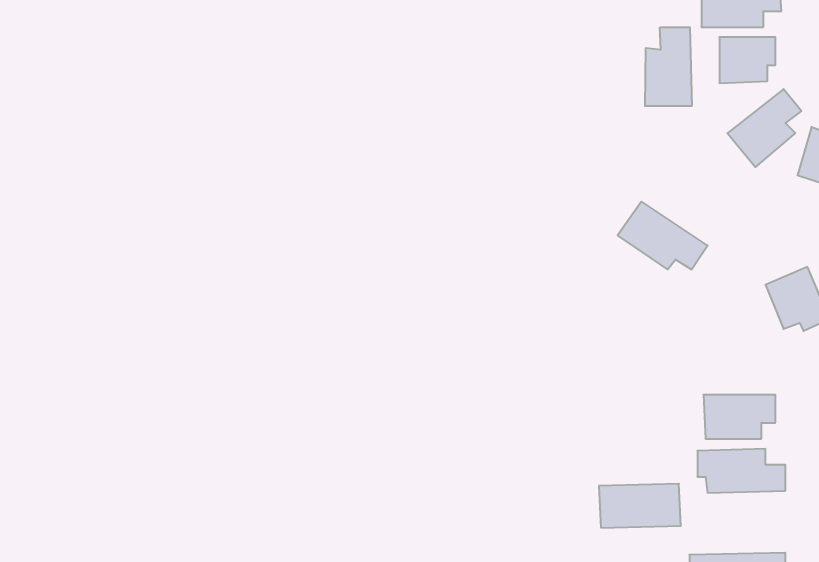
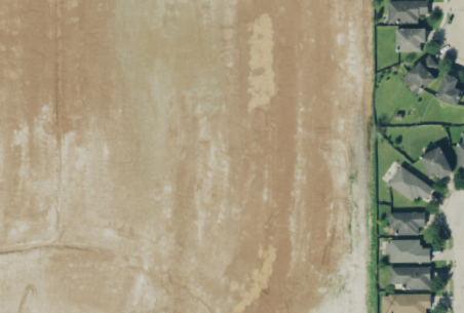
building: [645,27,692,106] -> none
building: [618,202,708,269] -> [387,165,433,200]
building: [599,484,681,528] -> [389,266,431,288]

